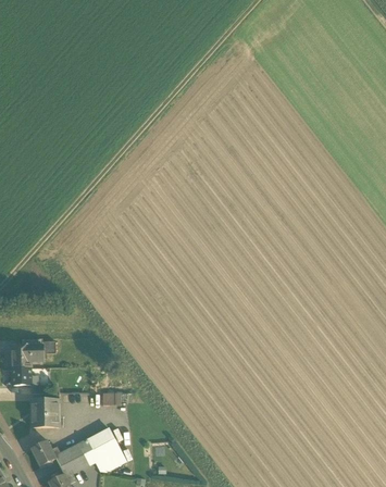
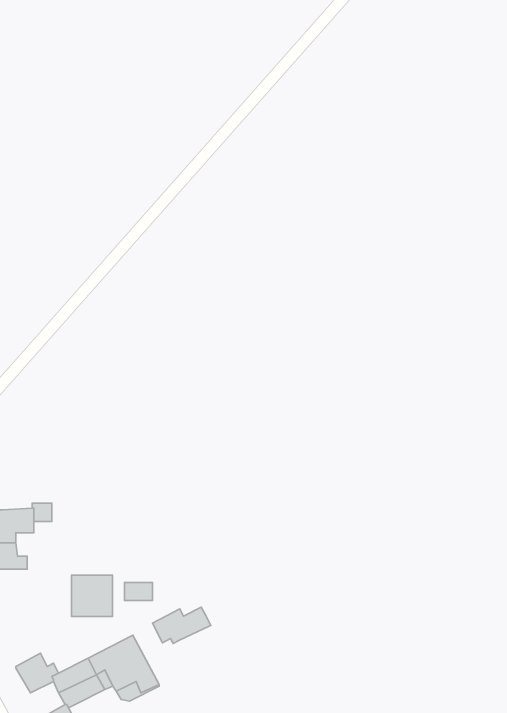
building: [32,401,59,428] -> [71,575,113,616]
building: none -> [152,607,211,643]

